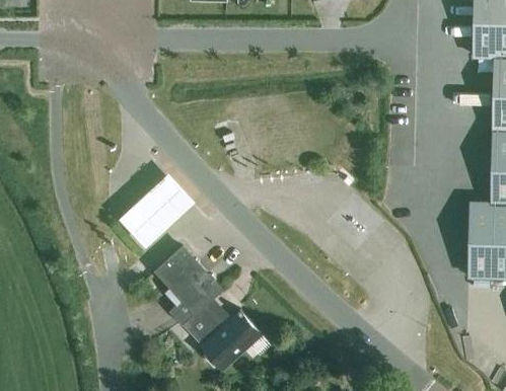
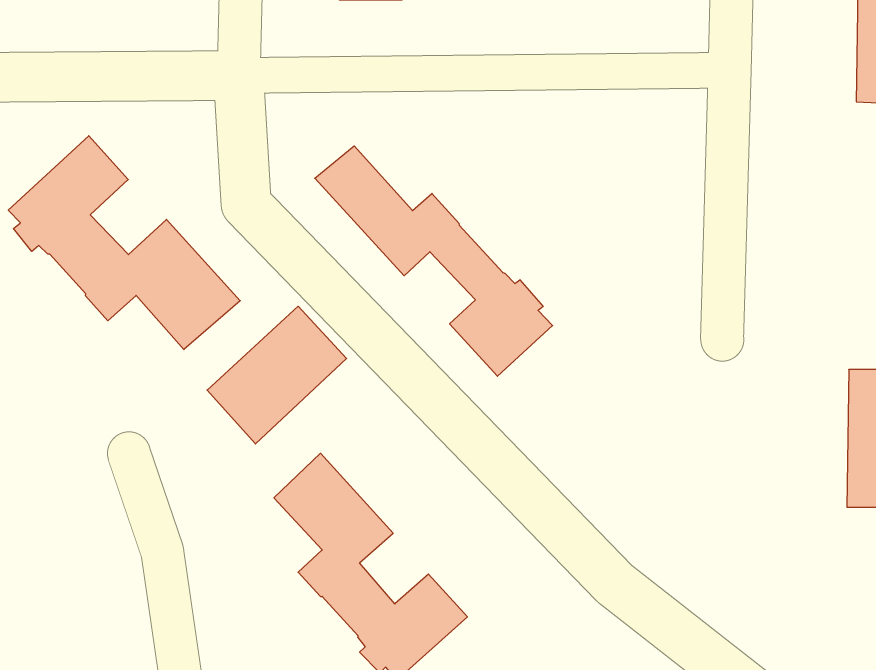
building: none -> [8,136,240,350]
building: none -> [315,146,553,376]

